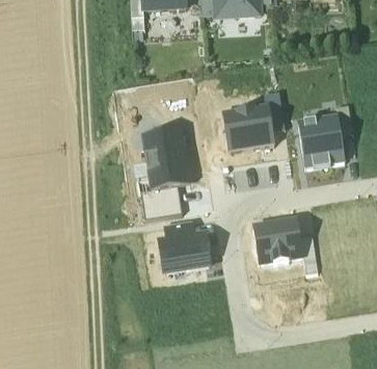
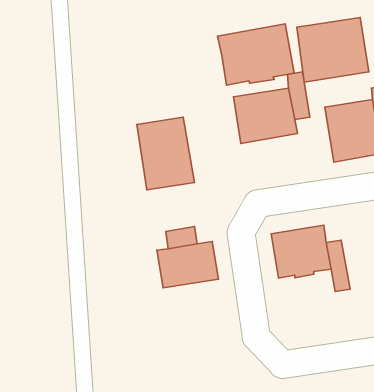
building: none -> [297,17,369,82]
building: none -> [218,24,294,85]
building: [142,185,183,217] -> none

